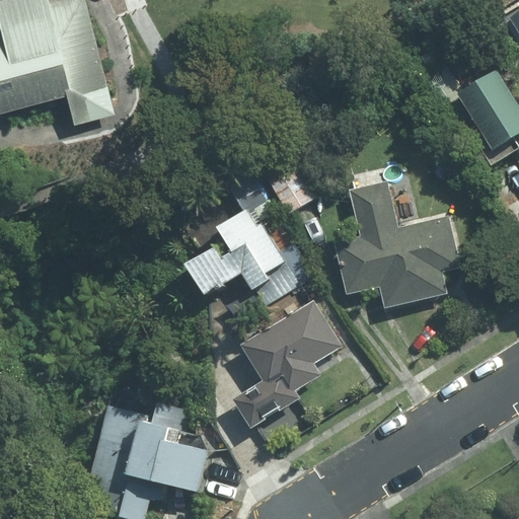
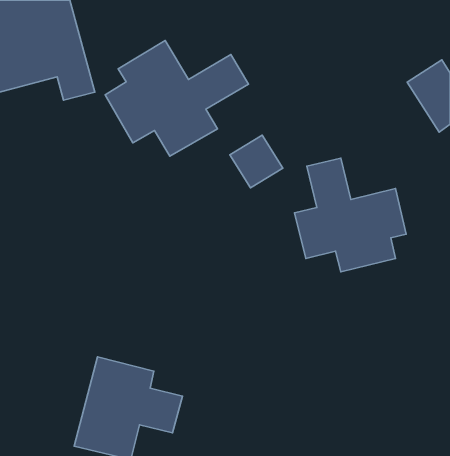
building: none -> [105,41,249,156]
building: [191,209,310,302] -> none
building: [234,300,341,423] -> none

